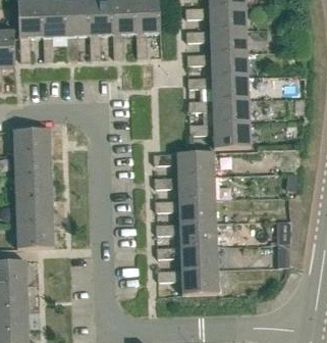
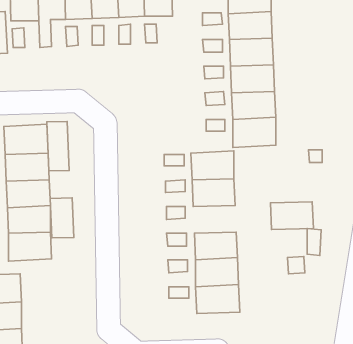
building: none -> [47,121,69,171]
building: none -> [50,198,74,238]
building: [178,199,216,224] -> [270,202,313,230]

